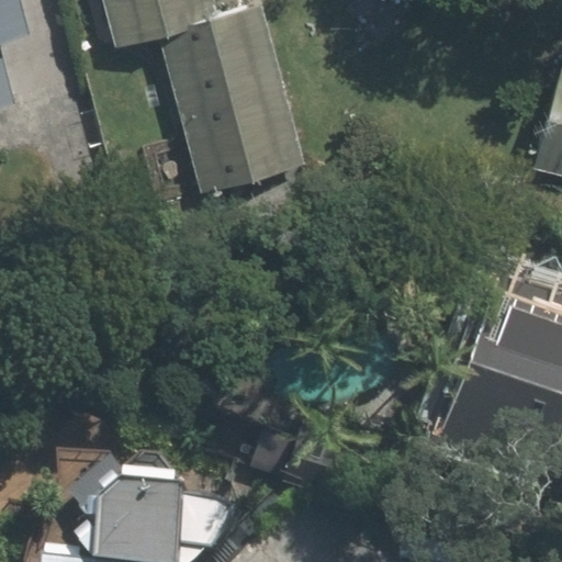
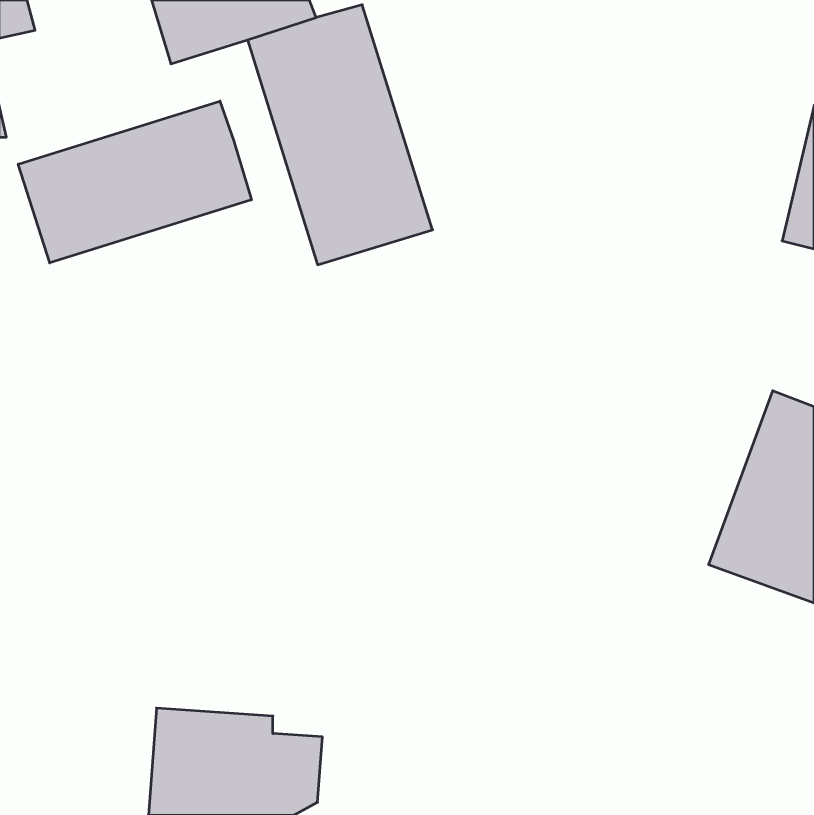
building: none -> [18,101,251,263]

